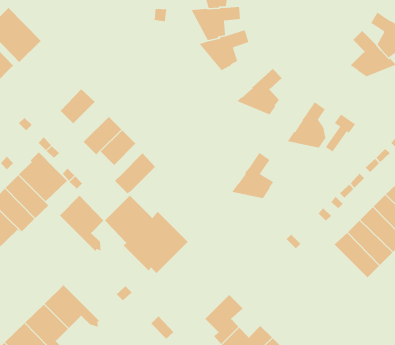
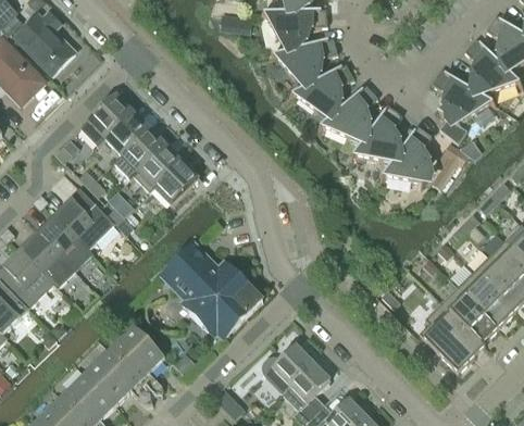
building: none -> [287,63,353,120]
building: none -> [431,68,496,142]
building: none -> [79,92,130,145]
building: [228,152,274,199] -> [349,104,406,162]
building: [114,153,156,194] -> [113,126,164,177]
building: [59,195,104,252] -> [109,325,164,394]
building: none -> [419,301,484,372]
building: none -> [261,344,312,392]

